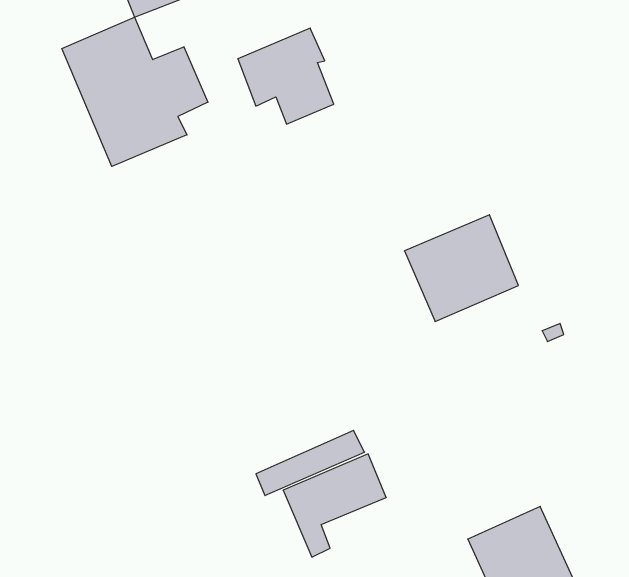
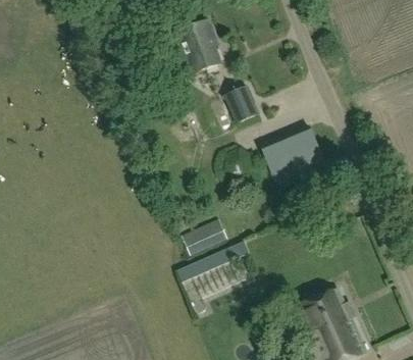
building: [62,17,208,166] -> none
building: none -> [221,86,254,121]
building: none -> [183,216,228,254]

